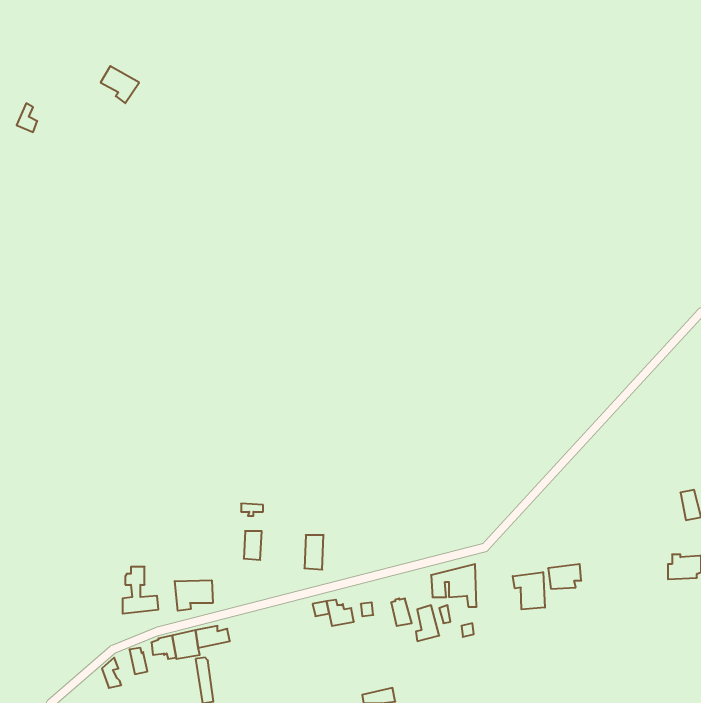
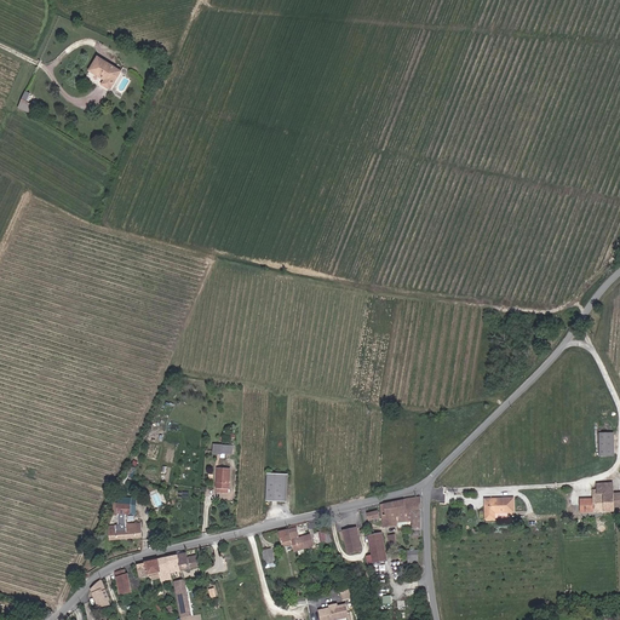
building: [513,572,545,609] -> none
building: [175,580,213,611] -> none

